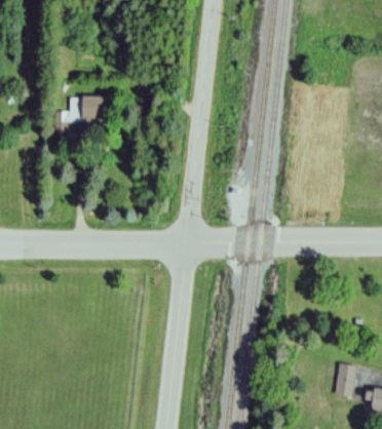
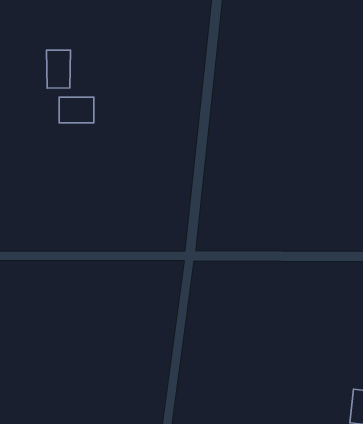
building: none -> [46,50,70,88]

